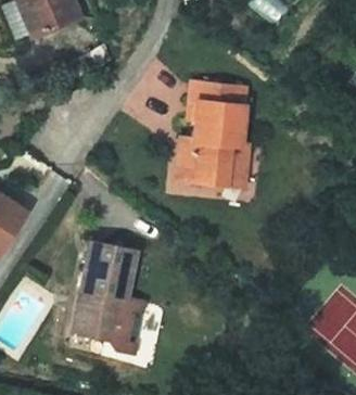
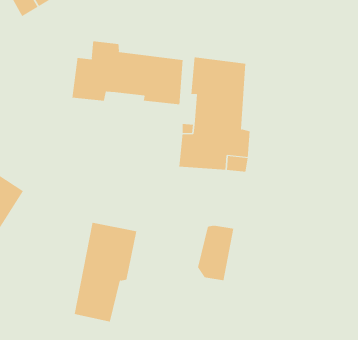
building: none -> [72,40,183,105]
building: [110,297,145,352] -> [197,225,234,281]

